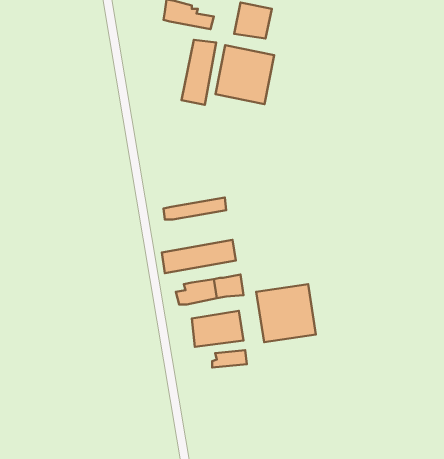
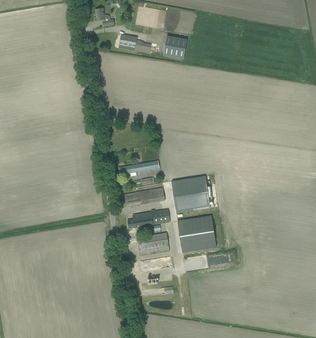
building: [182,40,216,105] -> none
building: [215,45,274,104] -> none
building: none -> [171,176,212,213]

